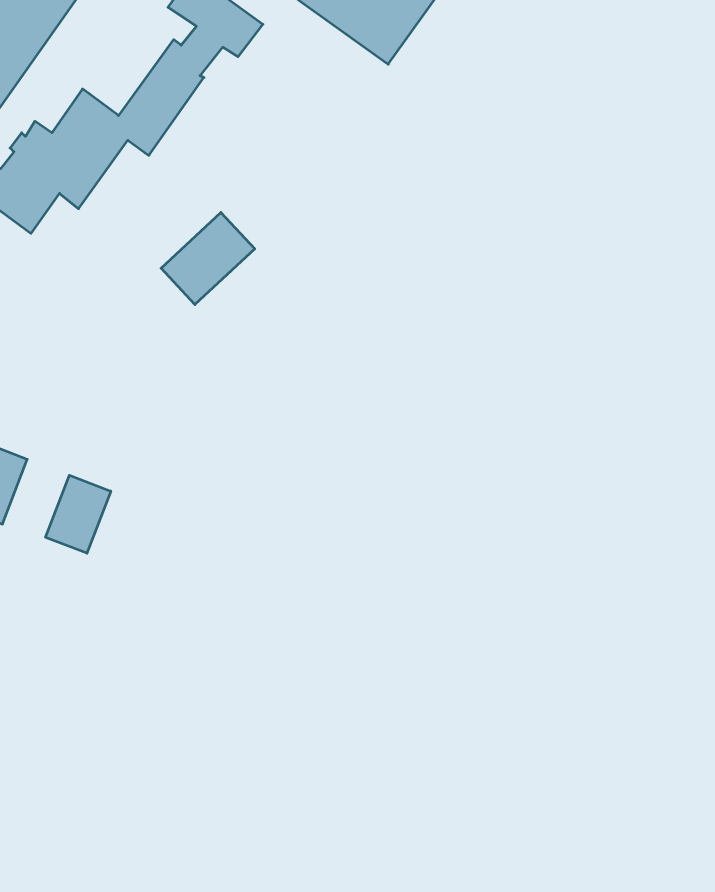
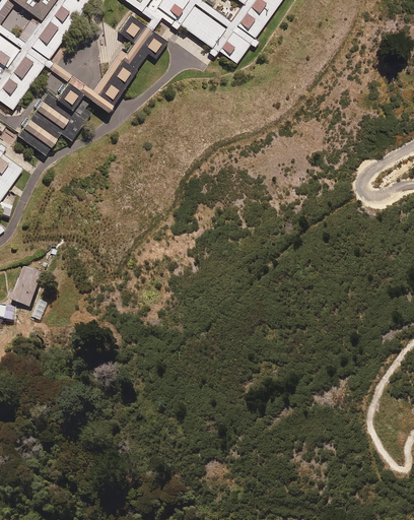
building: [161,212,255,305] -> none
building: [46,475,111,553] -> none

